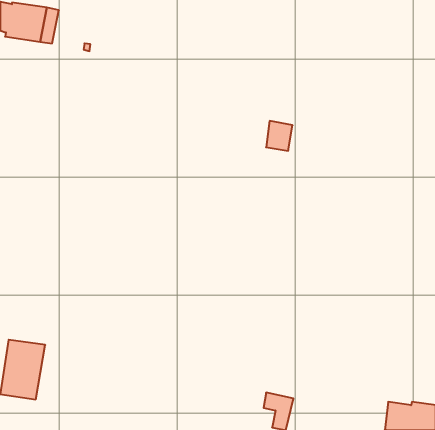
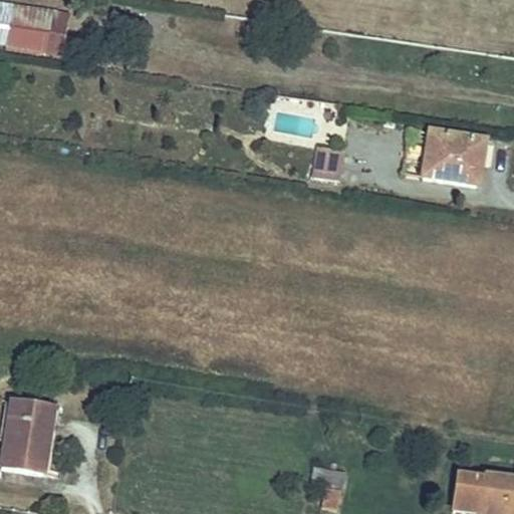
building: none -> [422,130,485,184]

